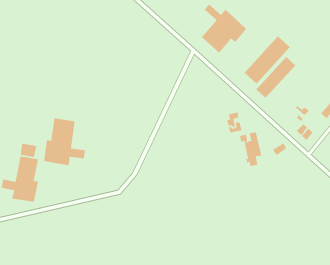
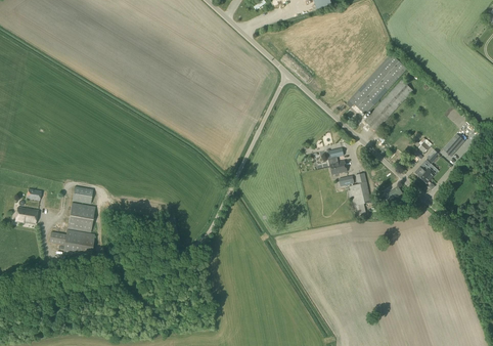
building: [201,4,247,53] -> none
building: [44,118,85,166] -> none

